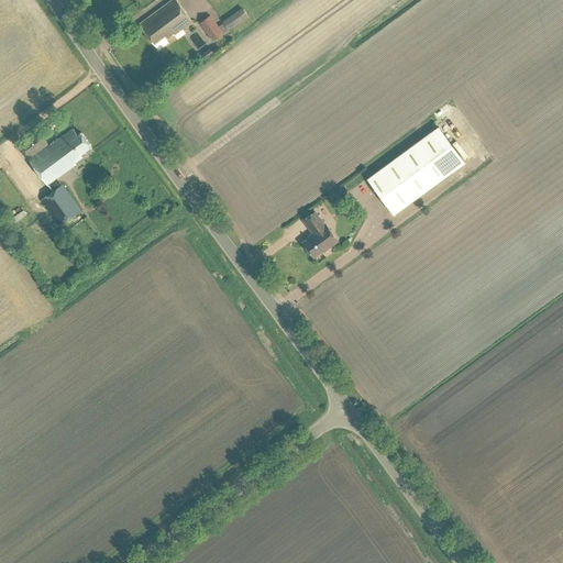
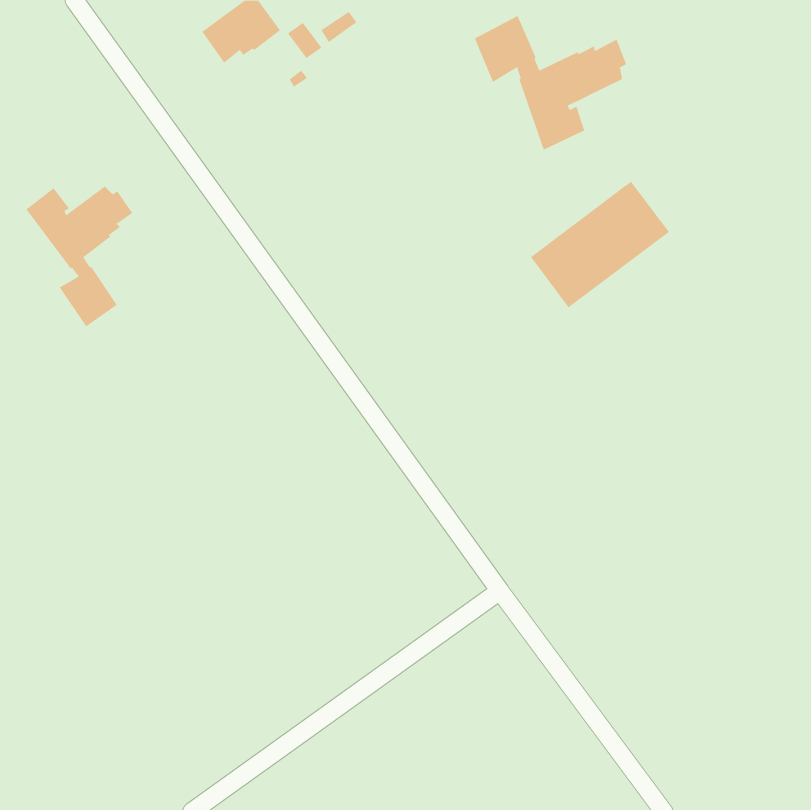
building: none -> [474,15,627,150]
building: [303,212,338,257] -> none

